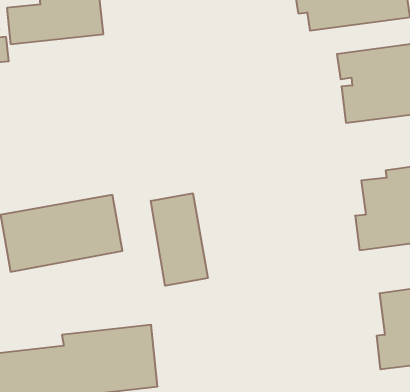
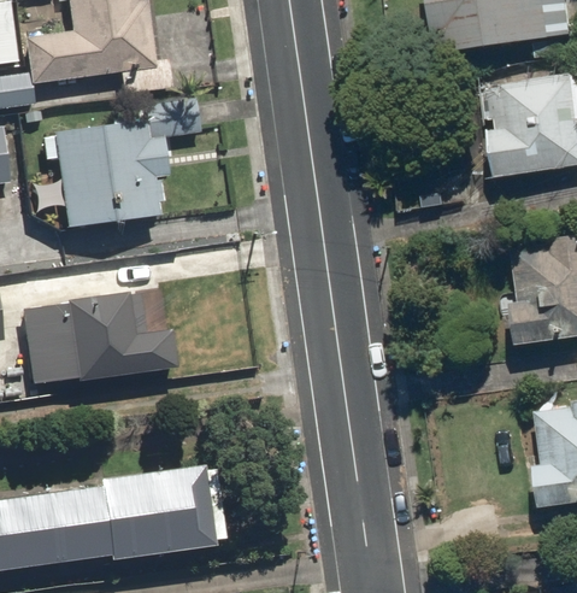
building: none -> [57,117,177,224]
building: [151,193,208,286] -> none

